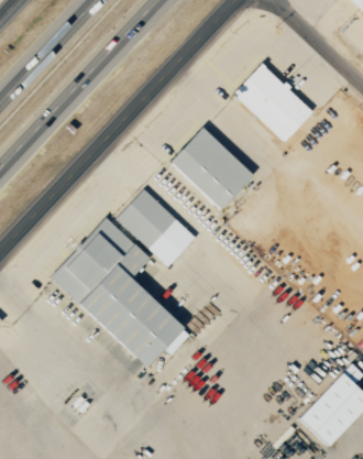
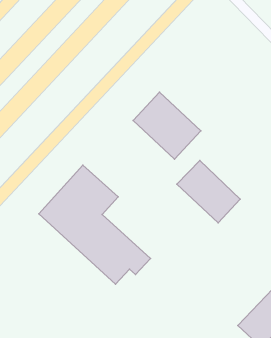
building: [235,64,315,141] -> none
building: [118,189,197,267] -> [177,160,240,223]

